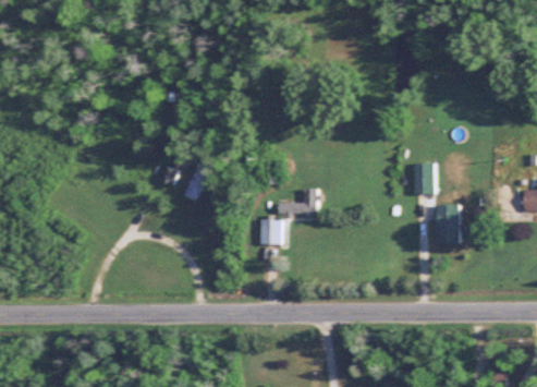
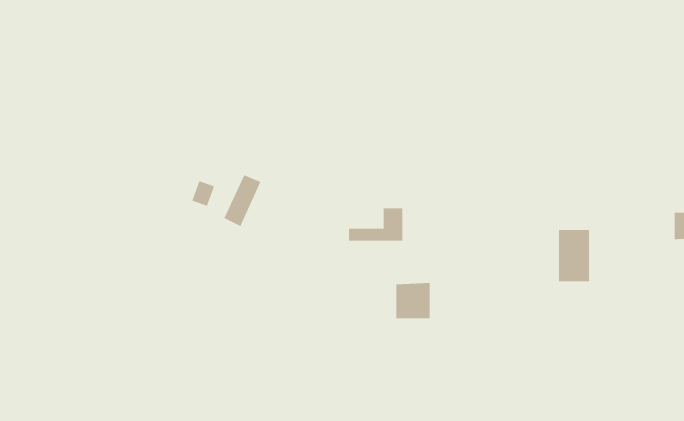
building: [415,164,438,194] -> none
building: [260,218,286,245] -> [396,283,430,319]

